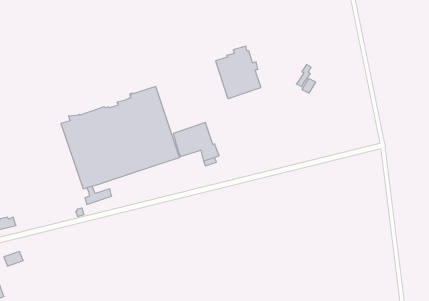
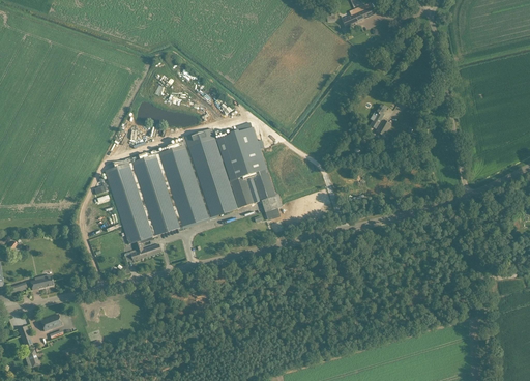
building: [216,46,261,99] -> [216,122,267,181]

